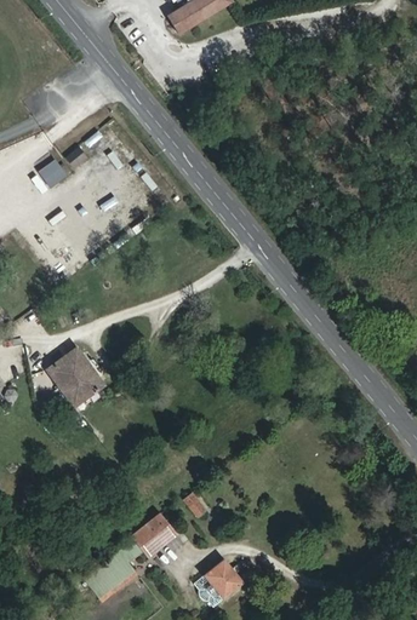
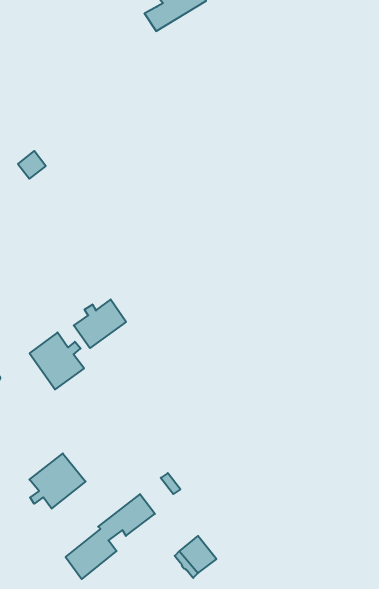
building: none -> [74,299,126,348]
building: none -> [29,453,86,509]

